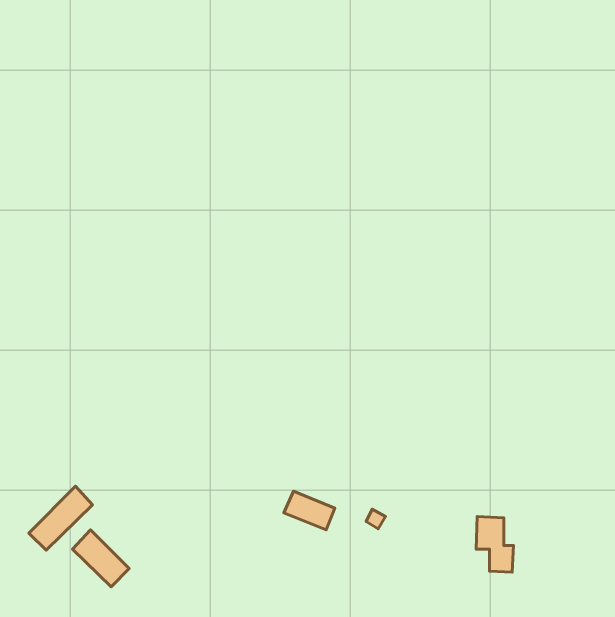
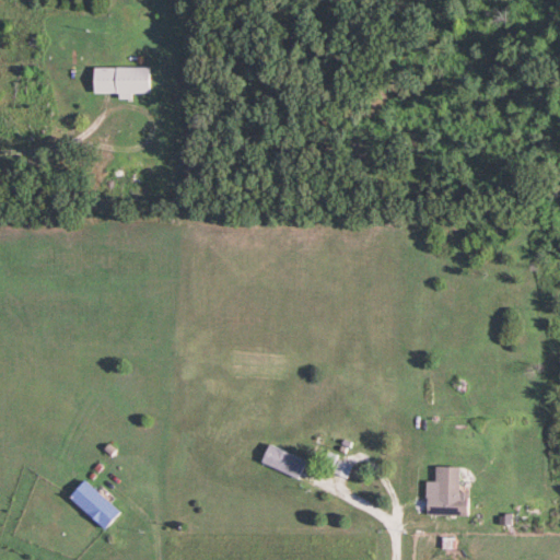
building: none -> [93,68,151,93]
building: [29,486,93,550] -> none

